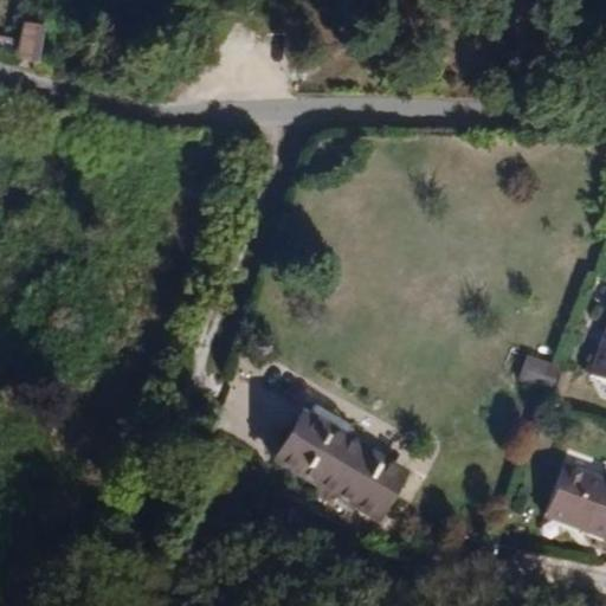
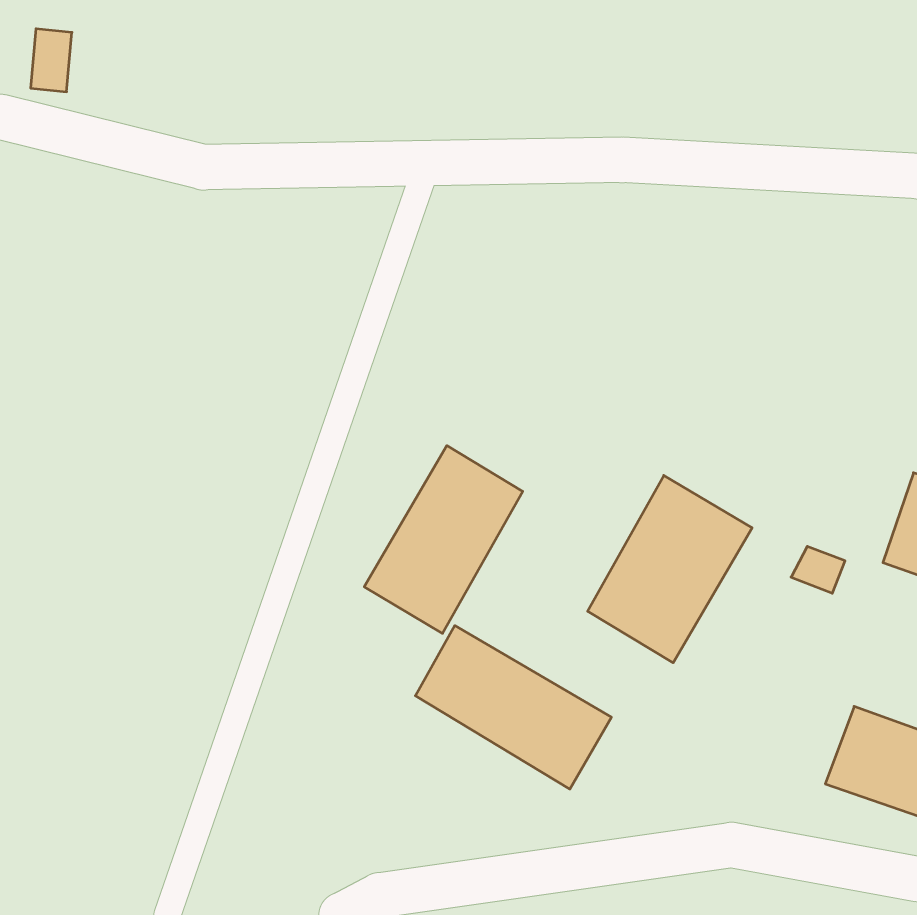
building: none -> [364,446,523,633]
building: none -> [588,475,752,663]

